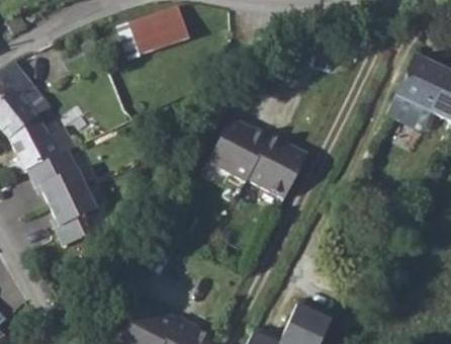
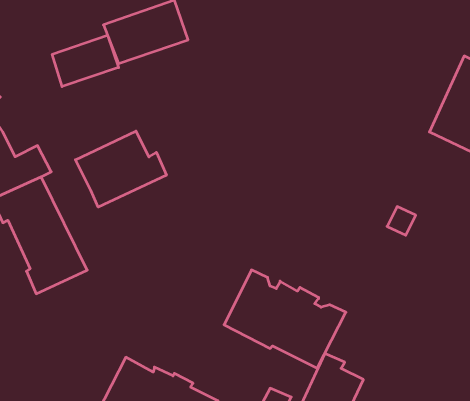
building: none -> [52,35,119,87]
building: [207,114,306,194] -> [224,270,346,368]
building: none -> [75,131,166,207]

